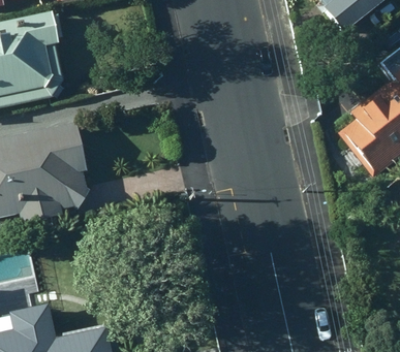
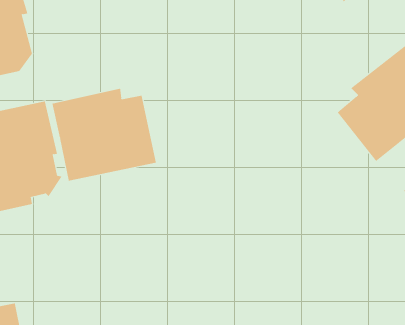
building: none -> [52,88,156,181]

